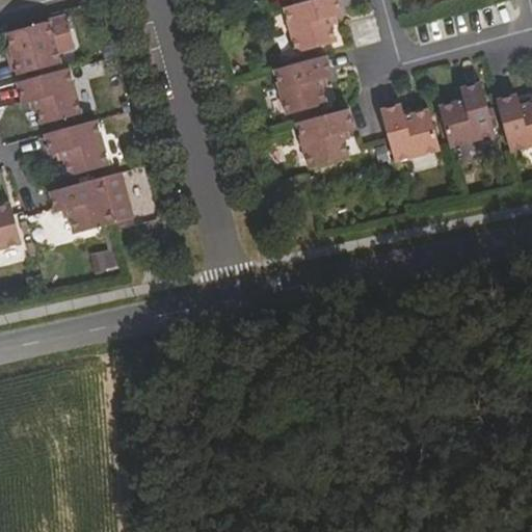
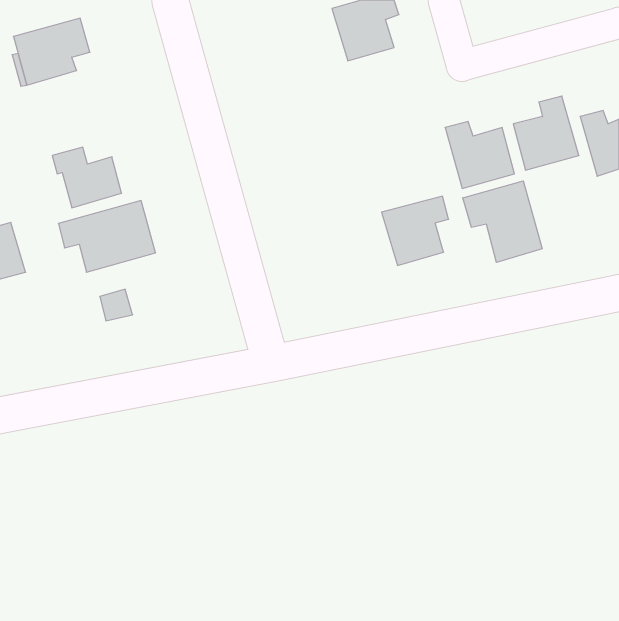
building: [274,55,330,114] -> none
building: [17,68,81,124] -> none
building: [296,108,353,167] -> [382,196,449,265]
building: none -> [463,181,542,262]

